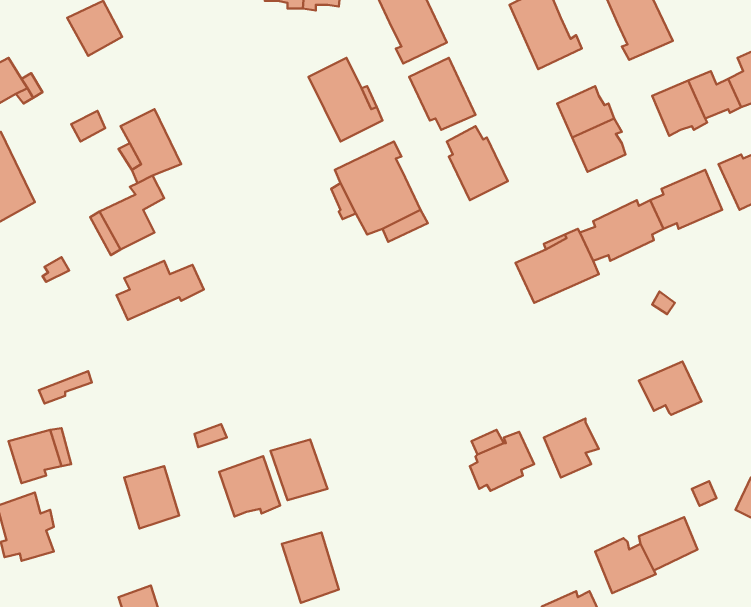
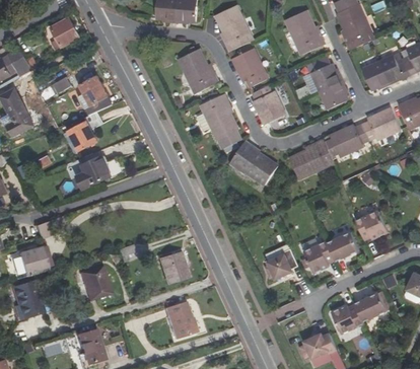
building: none -> [230,140,278,183]
building: none -> [327,231,359,260]
building: [219,456,280,516] -> none

